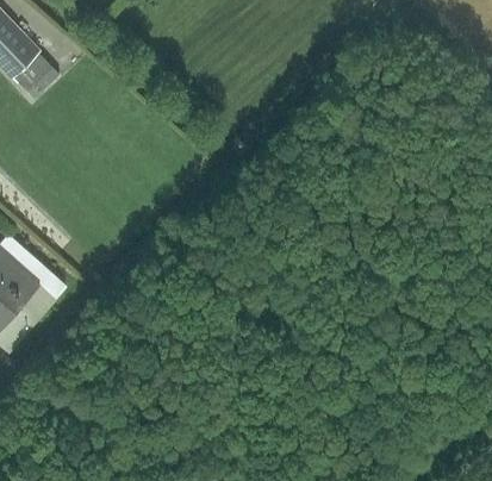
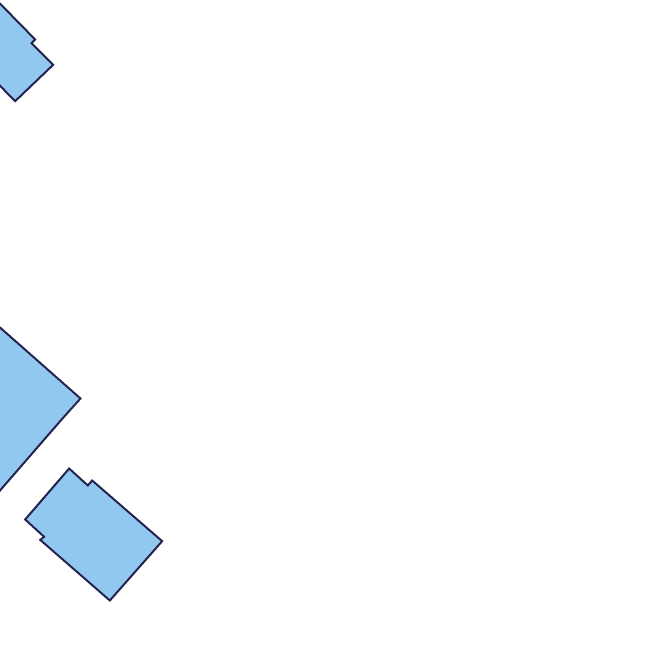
building: none -> [25,468,162,600]

